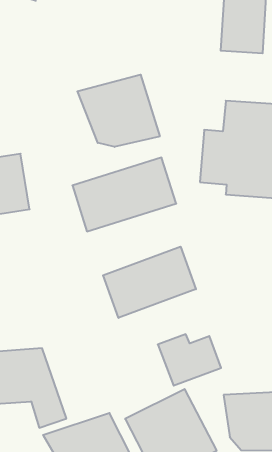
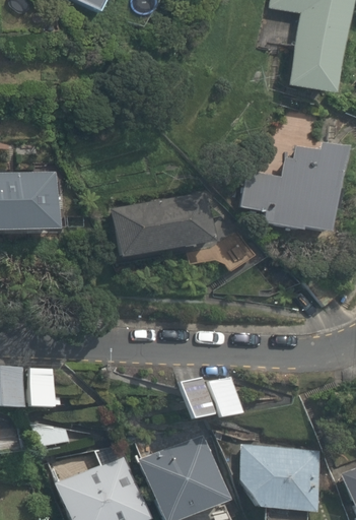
building: [77,75,160,147] -> none
building: [103,247,196,318] -> none

